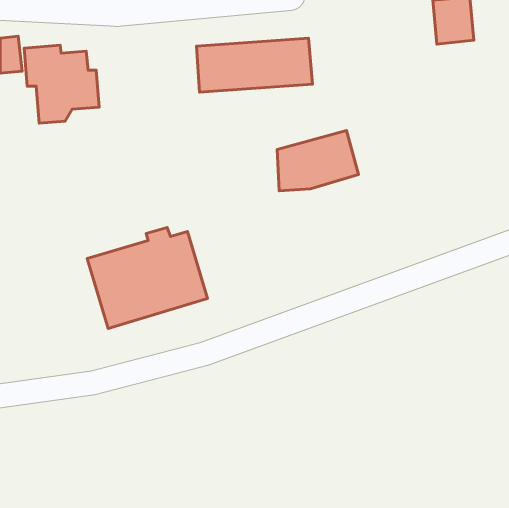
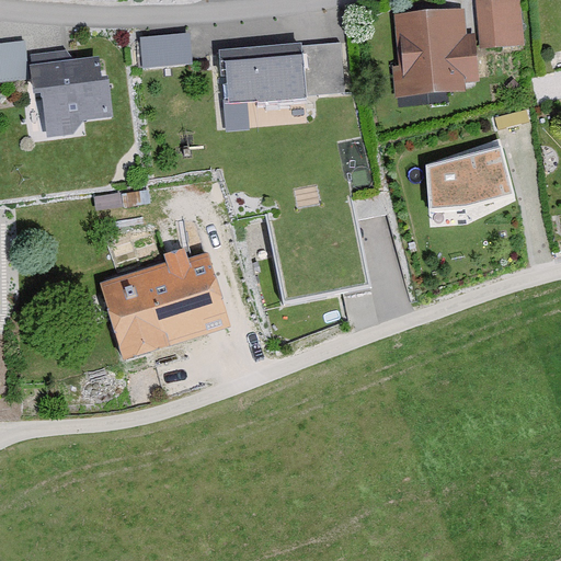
building: none -> [392,9,478,96]
building: none -> [139,33,192,66]
building: [277,131,358,191] -> [430,141,518,207]

